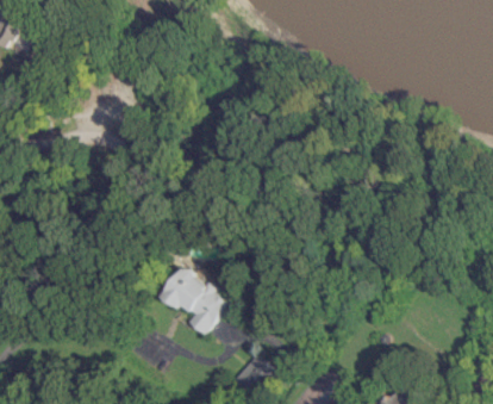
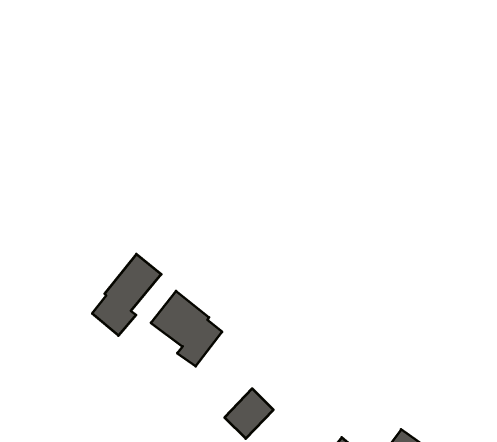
building: none -> [92,254,161,336]

